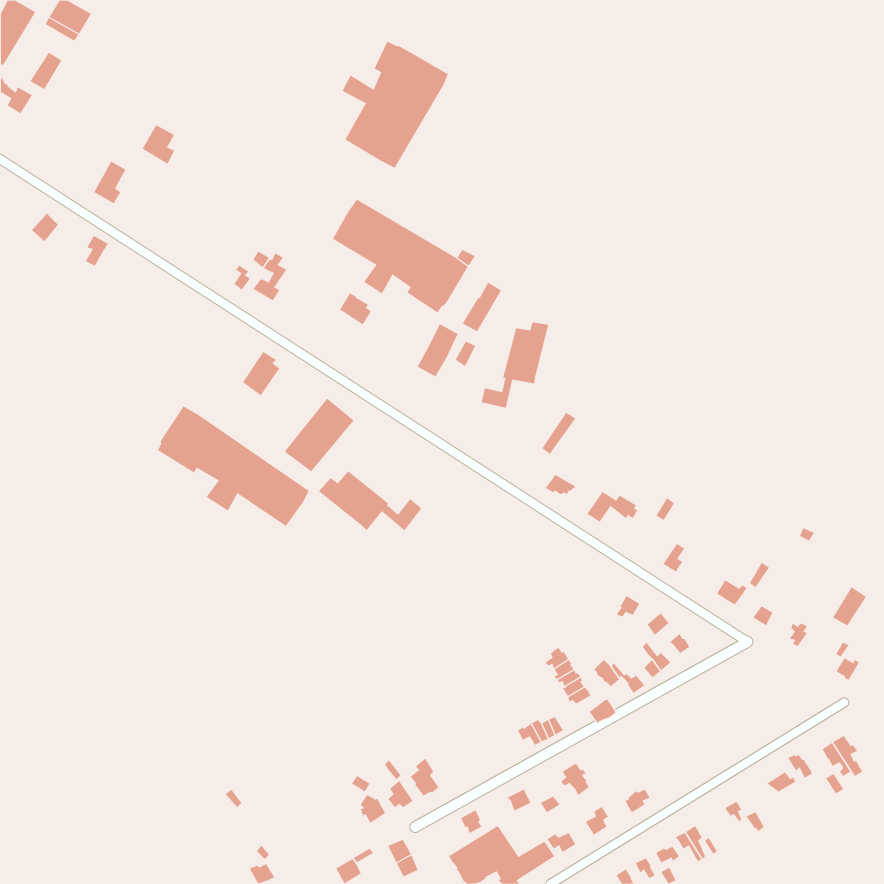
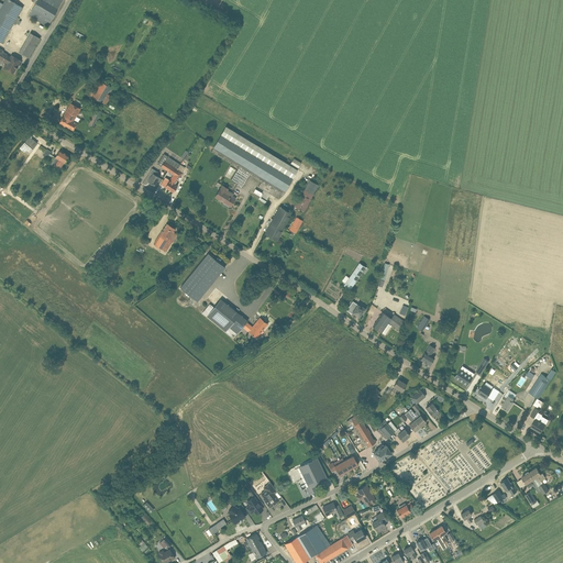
building: [342,41,449,169] -> none
building: [481,322,549,409] -> none
building: [157,405,310,527] -> none
building: none -> [299,459,327,494]

